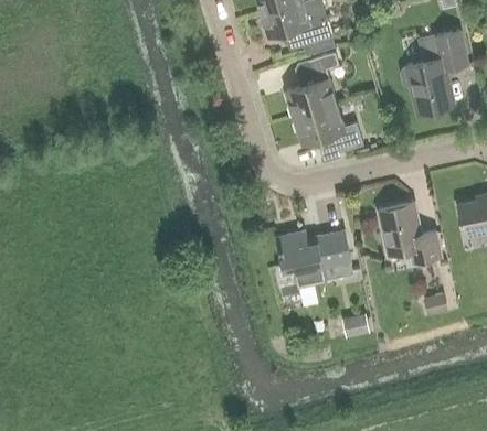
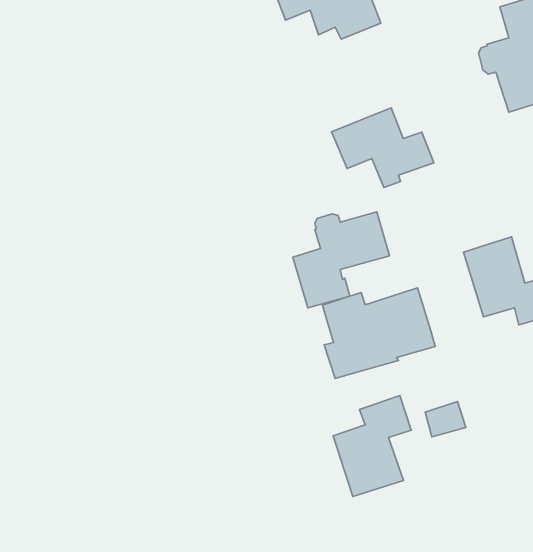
building: [286,52,339,117] -> none
building: none -> [293,212,389,308]
building: none -> [333,396,411,496]

